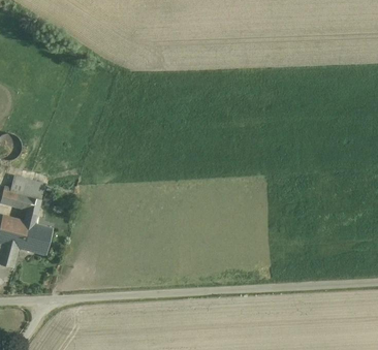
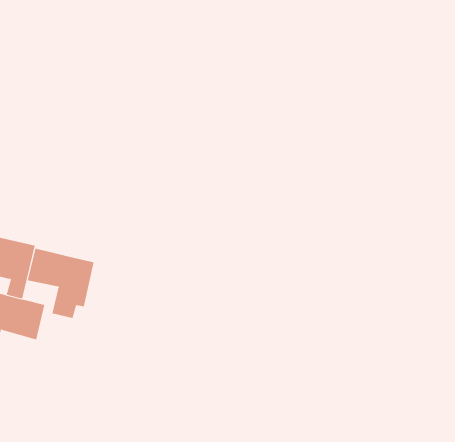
building: none -> [27,248,94,319]

